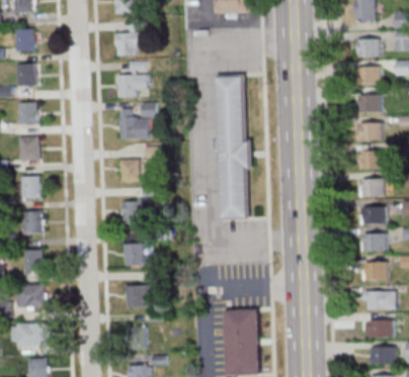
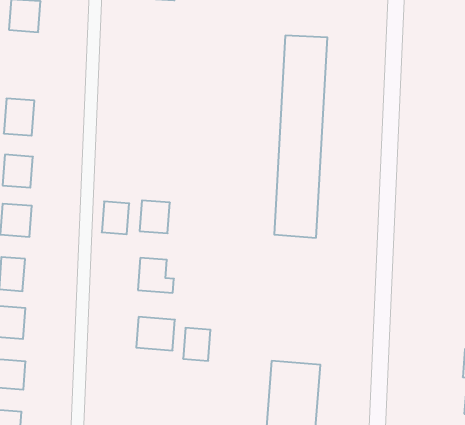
building: [117,64,147,98] -> none
building: [18,102,38,124] -> none
building: [119,102,156,139] -> none
building: [121,159,140,181] -> [102,201,129,234]
building: [128,327,146,350] -> [183,328,211,361]

